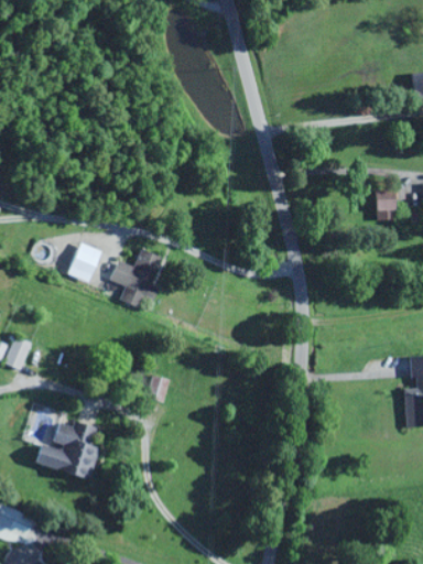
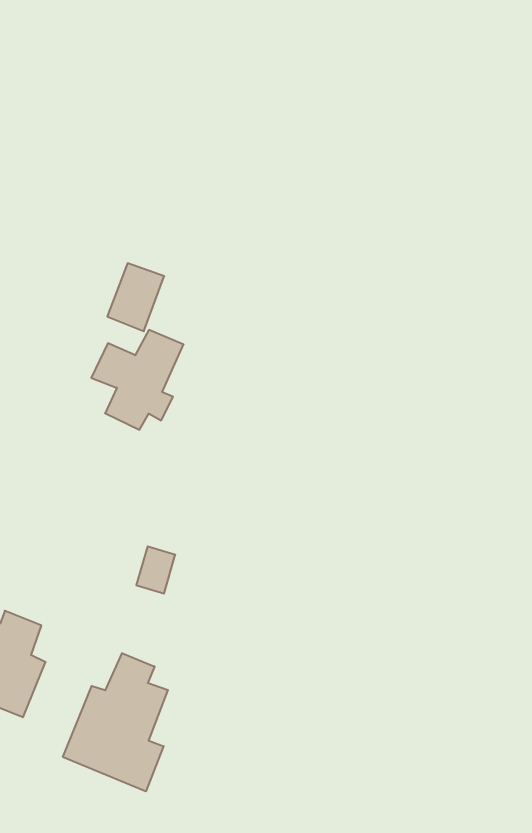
building: [68,242,99,281] -> [107,263,164,331]
building: none -> [63,653,168,791]

